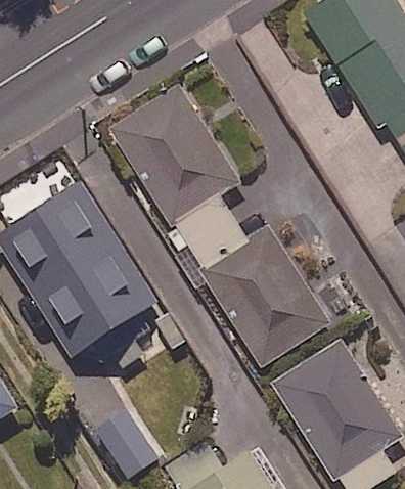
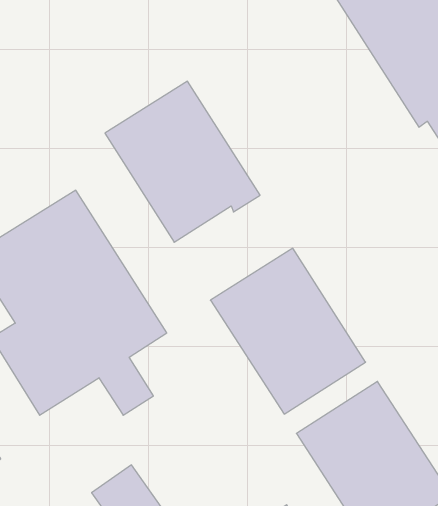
building: [168,191,246,271] -> none

